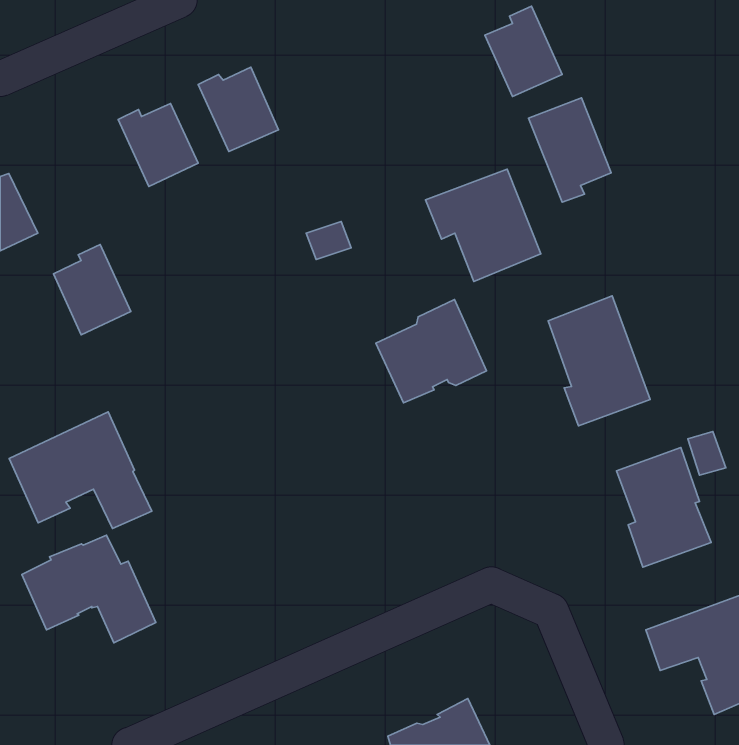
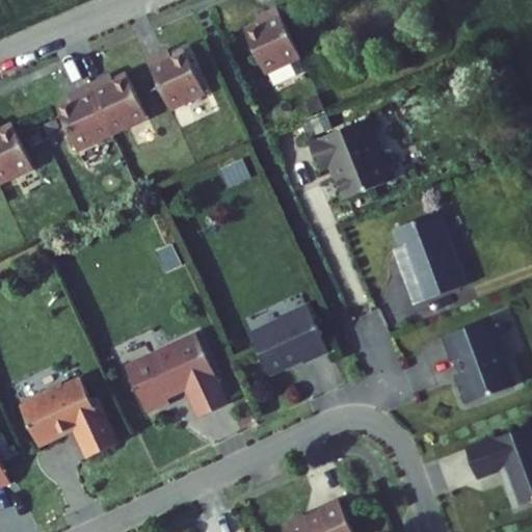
building: [485,6,562,96] -> [243,8,298,73]
building: [528,98,611,202] -> none
building: [53,245,131,335] -> [55,85,110,150]
building: [376,299,487,403] -> [250,304,329,378]
building: [9,412,152,529] -> [124,334,225,417]

